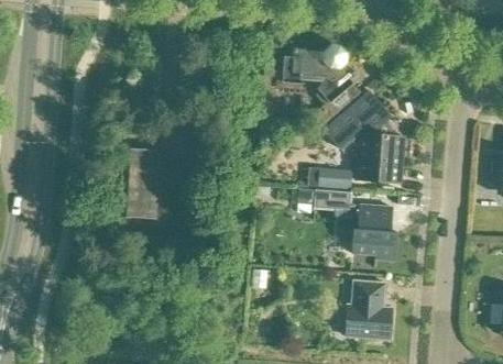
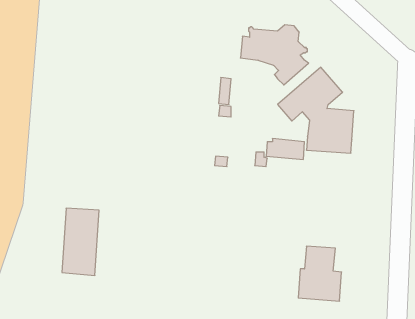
building: [119,146,158,218] -> [62,208,99,275]
building: [313,188,352,211] -> none
building: [350,205,396,260] -> none

